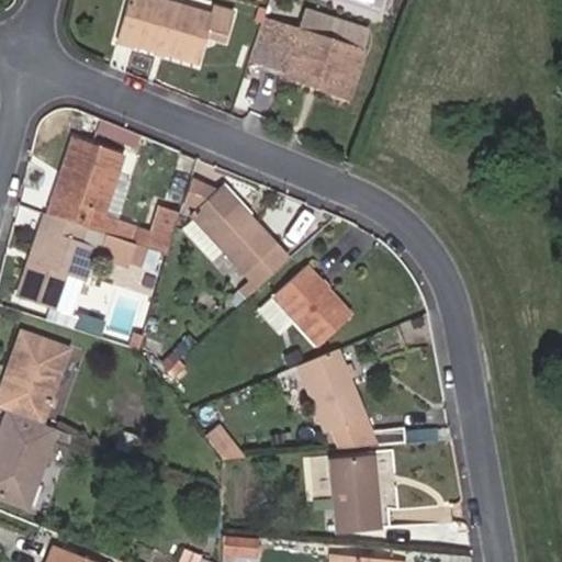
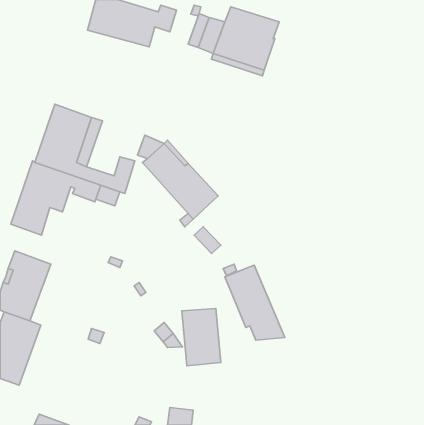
building: [273,265,351,346] -> none
building: [329,456,381,531] -> [182,308,221,366]

